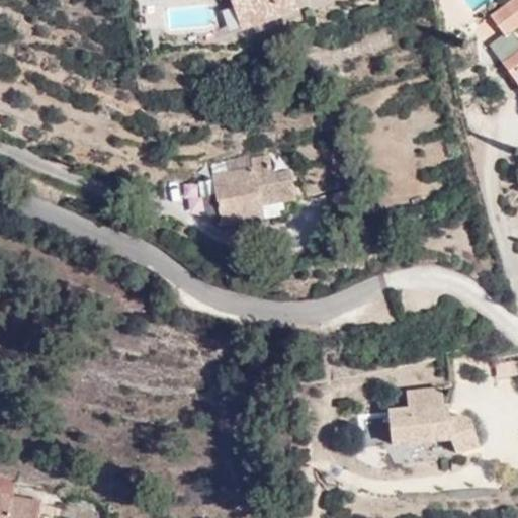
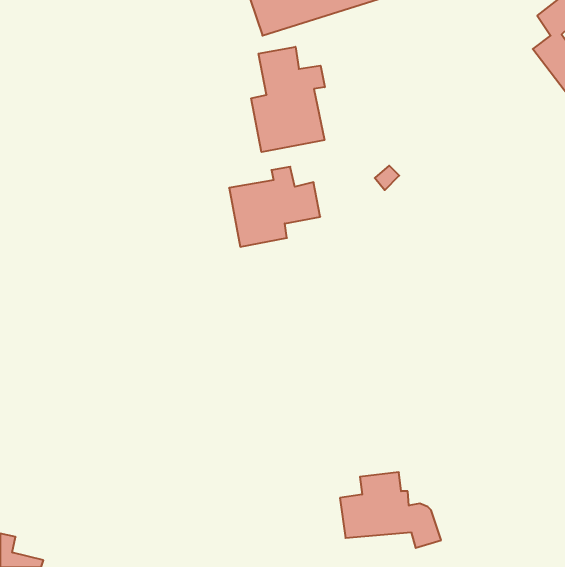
building: none -> [251,47,325,152]
building: [386,383,479,452] -> [340,472,441,548]

